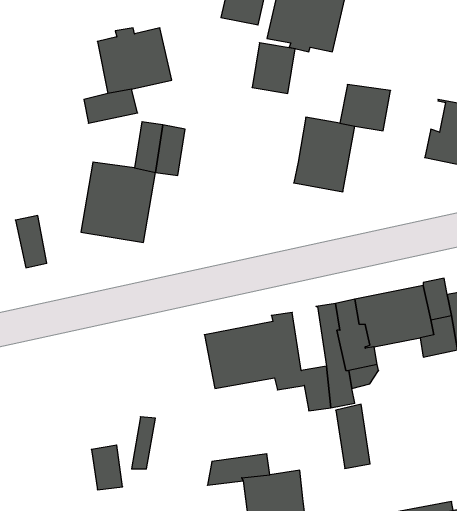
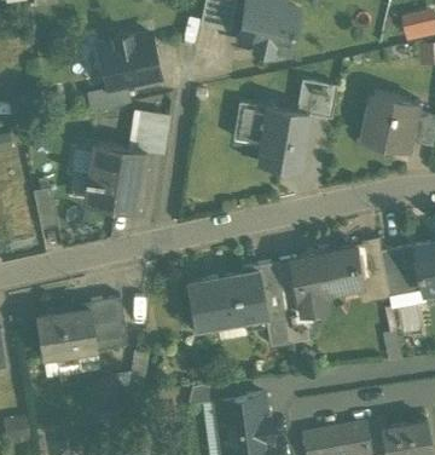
building: [252,43,295,93] -> [232,103,267,144]
building: none -> [35,296,126,356]
building: [336,404,370,468] -> [256,261,284,313]

